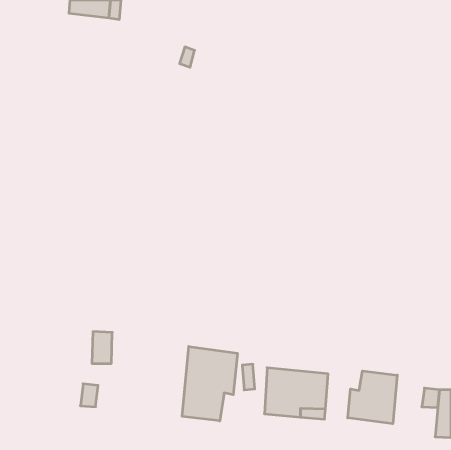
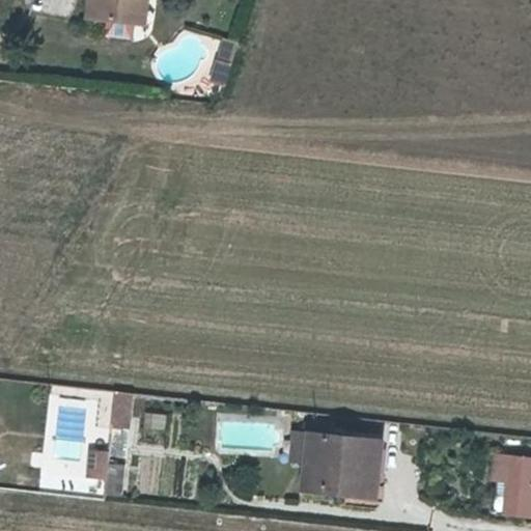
building: [182,346,237,421] -> none
building: [348,371,397,424] -> none

